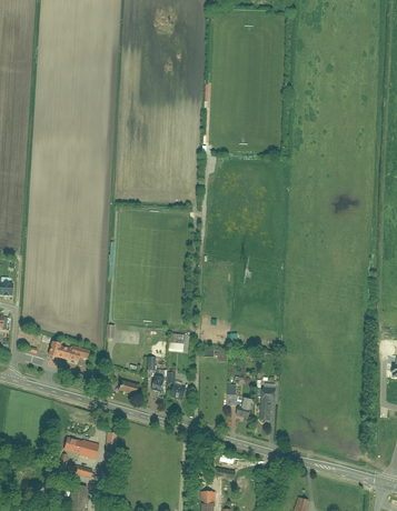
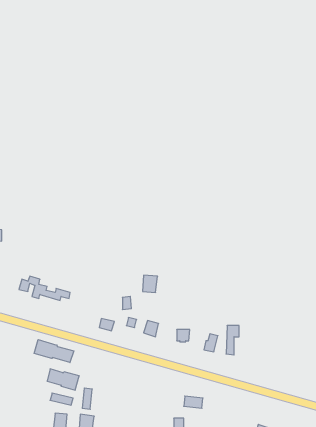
building: none -> [34,340,74,363]

